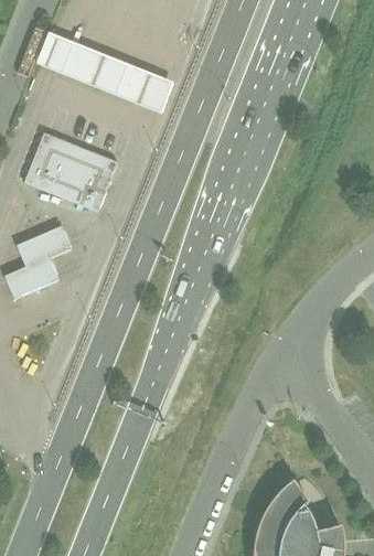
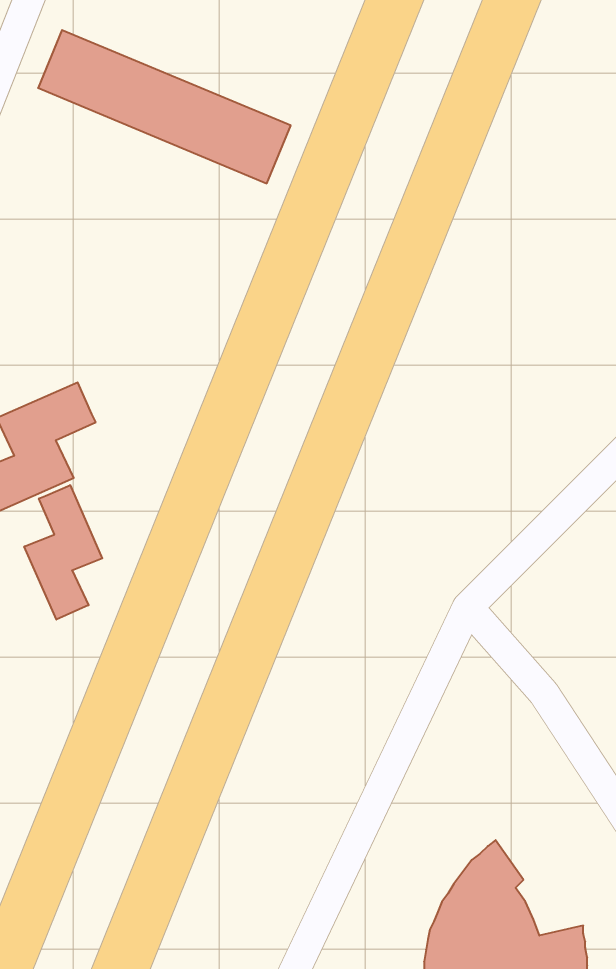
building: [24,133,118,212] -> none
building: none -> [24,485,102,620]

